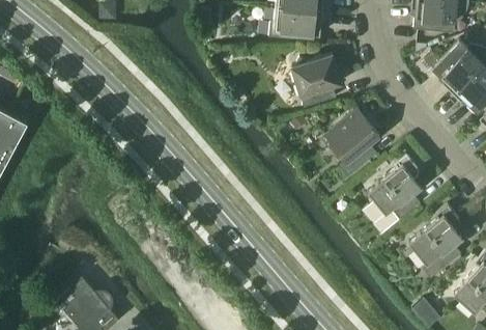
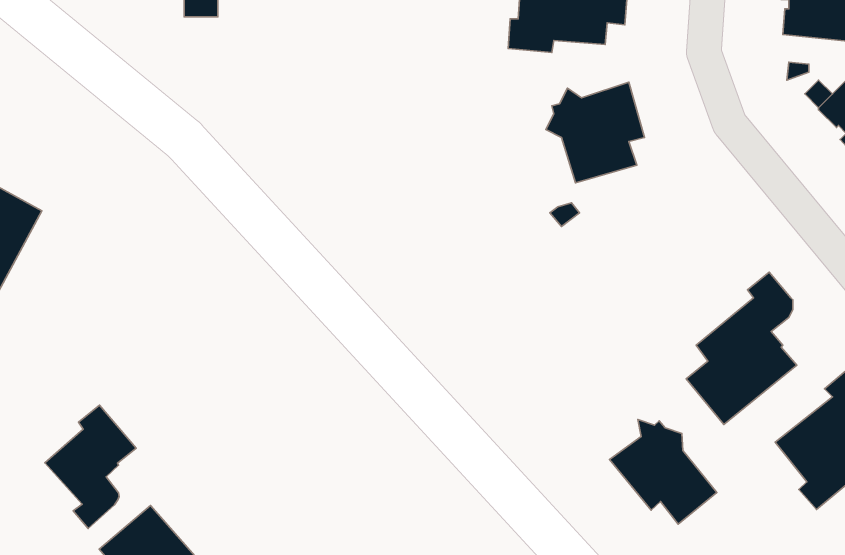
building: [325,109,379,176] -> none
building: none -> [45,405,136,529]
building: none -> [609,420,717,524]

